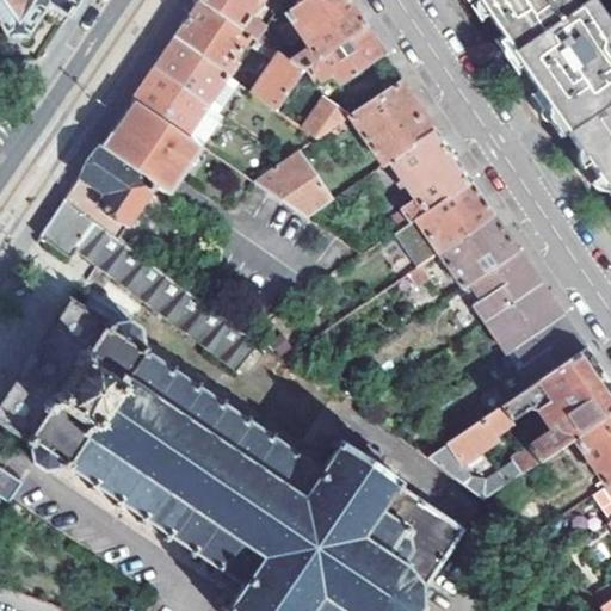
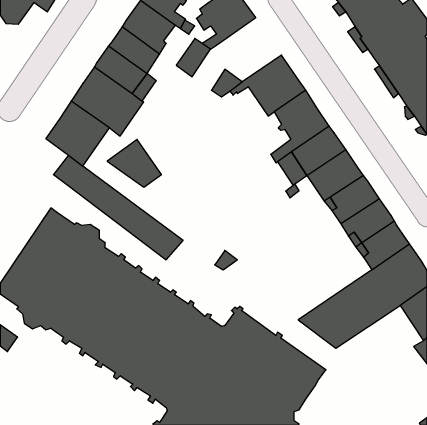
building: [309,25,384,85] -> none
building: [255,150,333,218] -> [107,139,161,187]
building: [39,198,98,258] -> none

